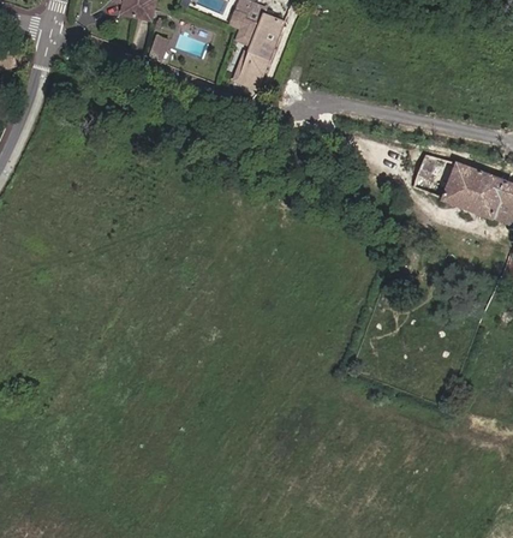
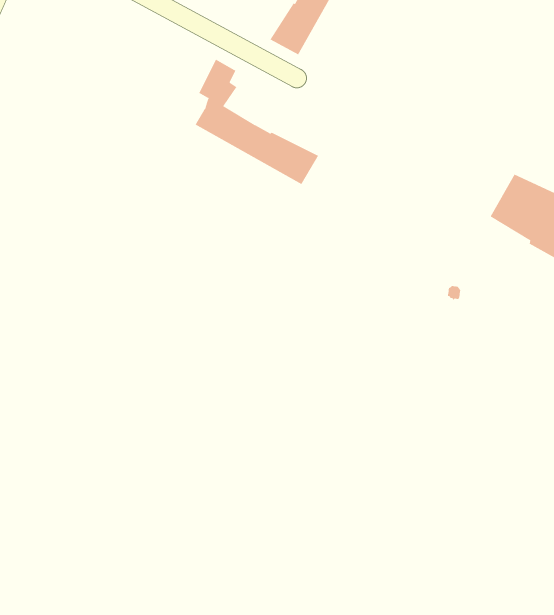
building: none -> [195,59,319,185]

